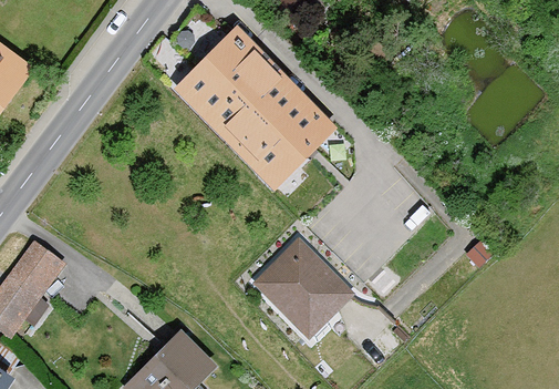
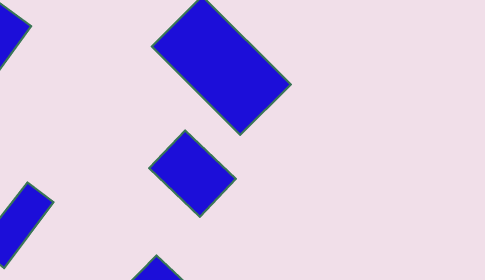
building: [251,237,350,336] -> [149,130,236,217]

